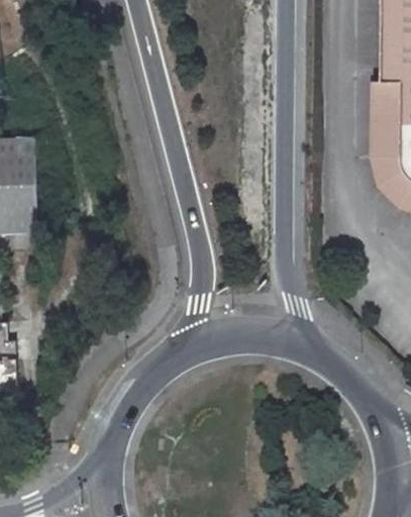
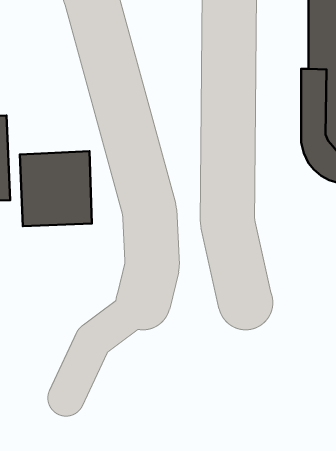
building: none -> [20,151,92,226]

